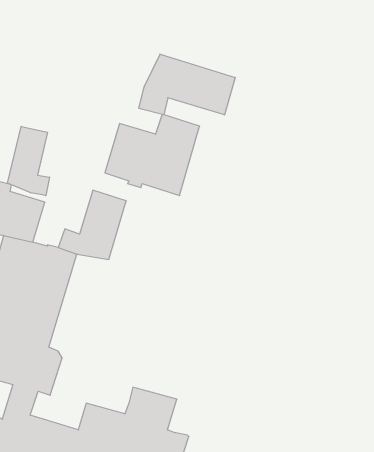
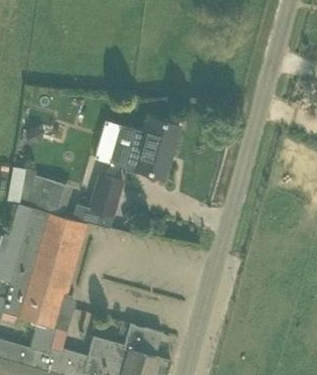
building: [139,54,235,115] -> none
building: [8,126,49,196] -> none

